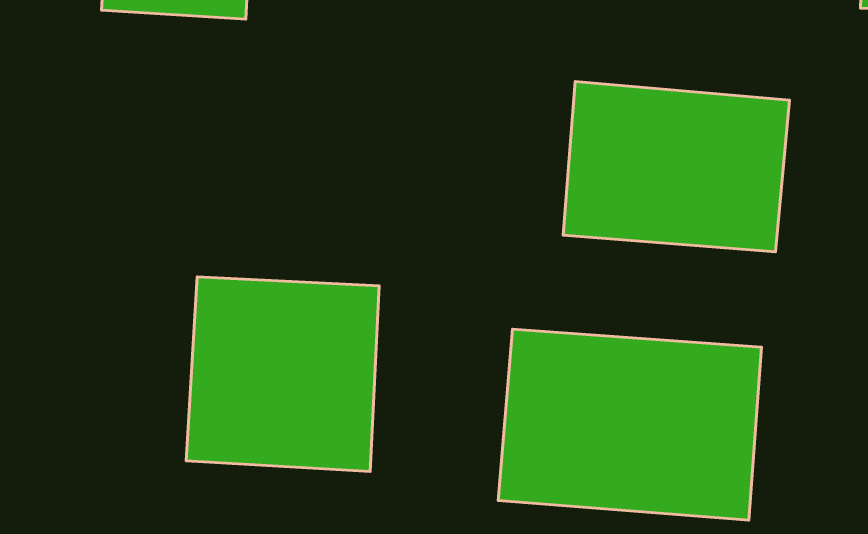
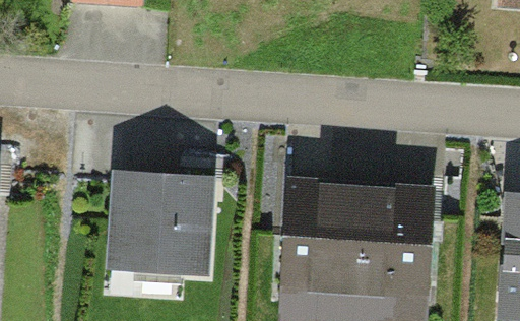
building: [563,81,790,252] -> none

